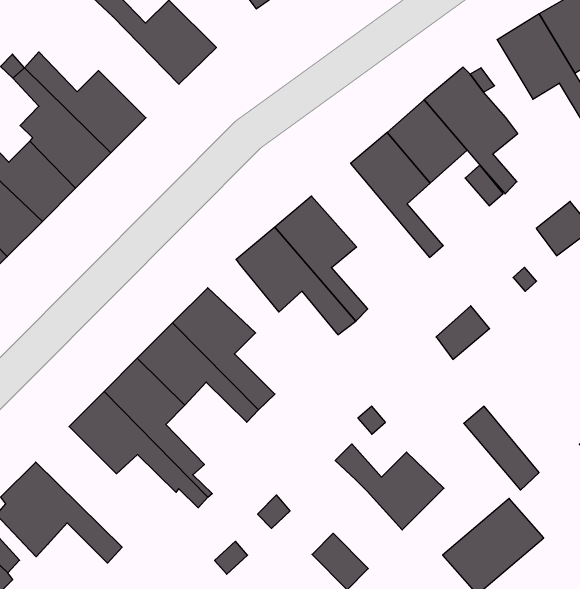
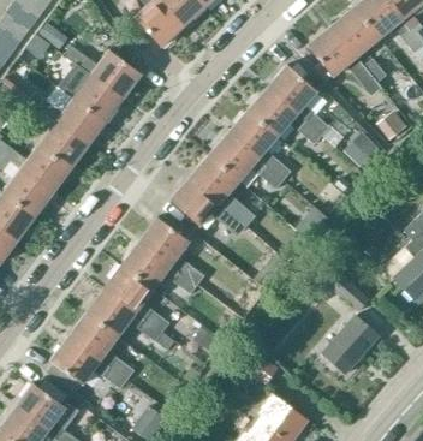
building: none -> [58,64,121,121]
building: none -> [210,131,286,190]
building: none -> [68,312,133,380]
building: [335,444,444,530] -> none

